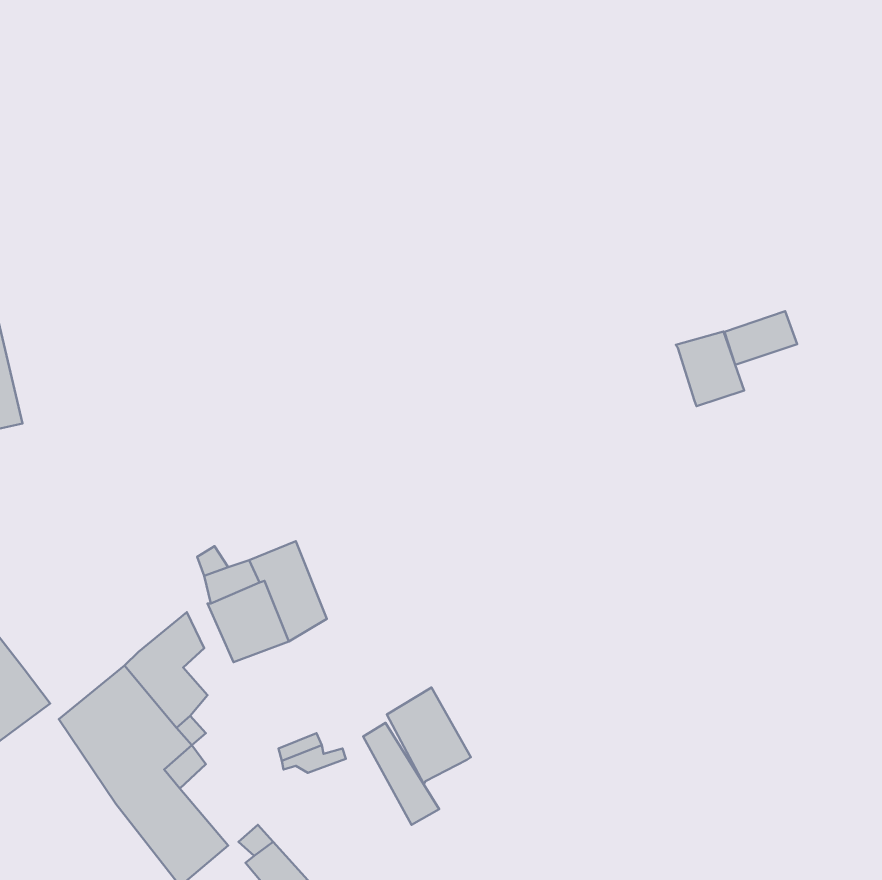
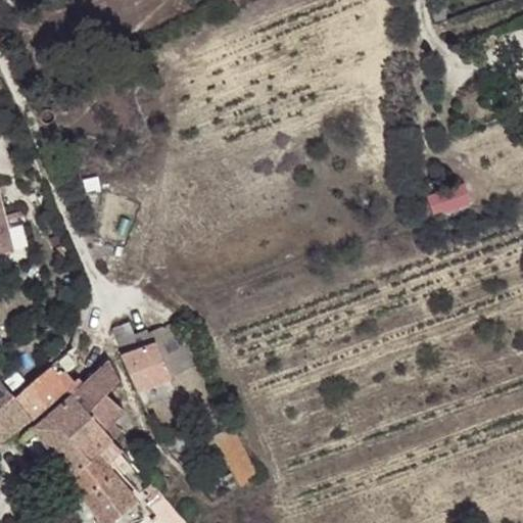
building: [676,332,744,406] -> none
building: none -> [14,350,82,418]
building: [387,687,471,784] -> none

